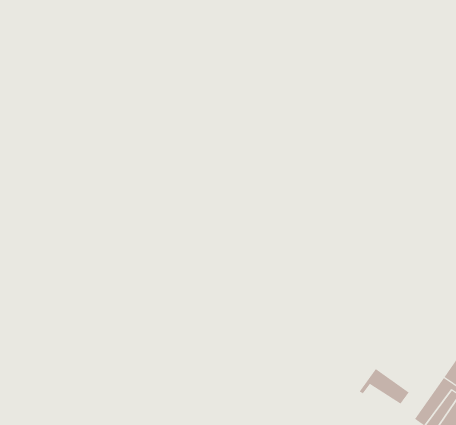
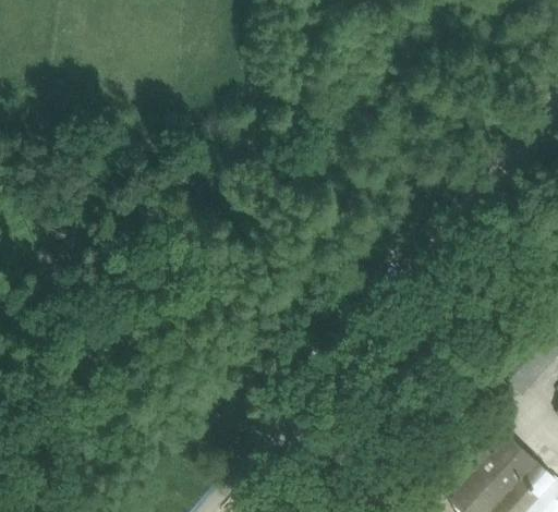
building: [359,368,410,405] -> none

